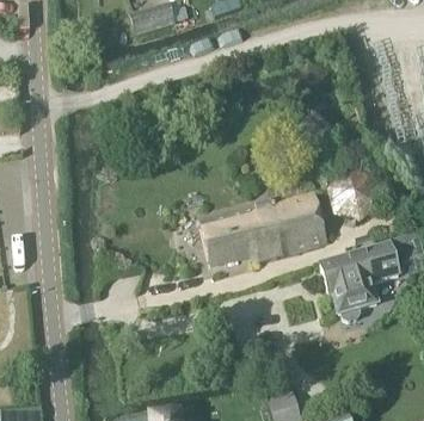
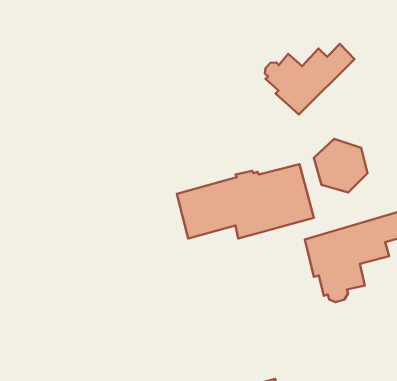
building: none -> [265,44,355,115]

